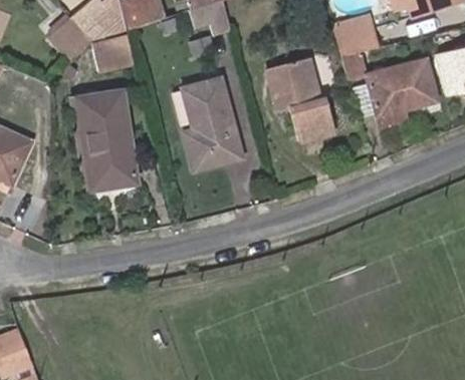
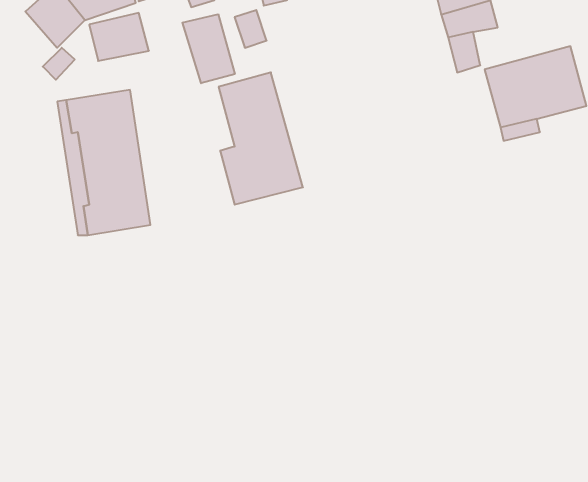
building: none -> [182,14,235,83]
building: [267,56,336,139] -> none

